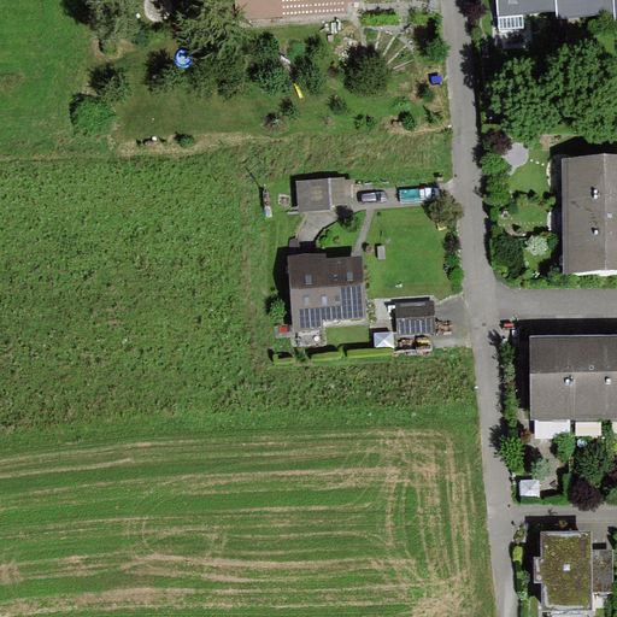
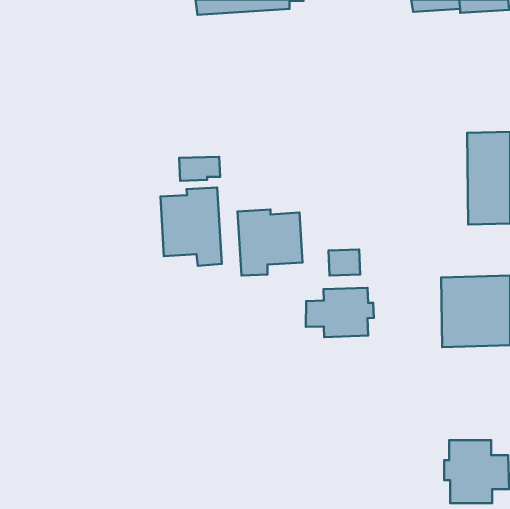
building: [298,178,347,207] -> [179,157,220,181]
building: none -> [160,187,222,266]
building: none -> [306,288,374,337]

